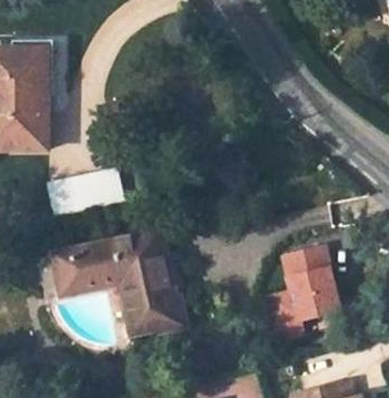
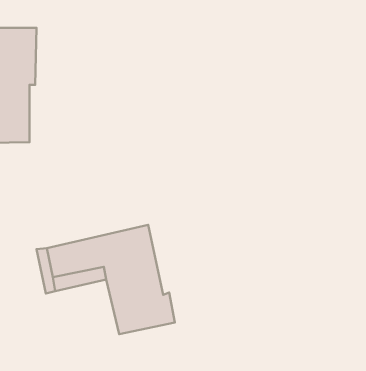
building: [44,170,121,212] -> none
building: [270,248,340,340] -> none

